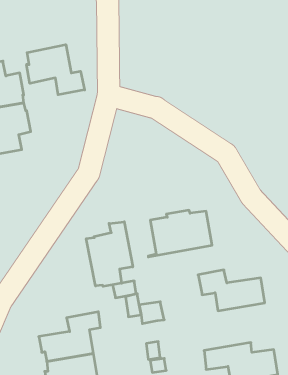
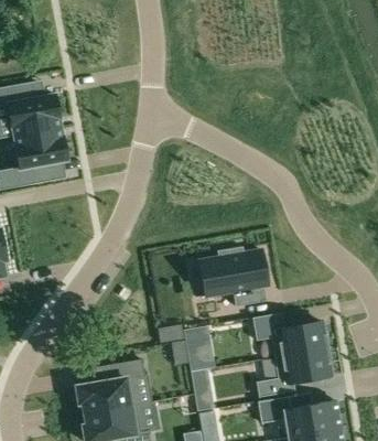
building: [27,45,85,95] -> none
building: [86,222,133,286] -> none
building: none -> [256,349,331,398]

